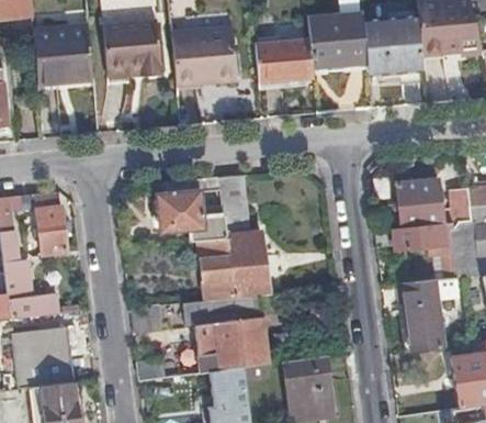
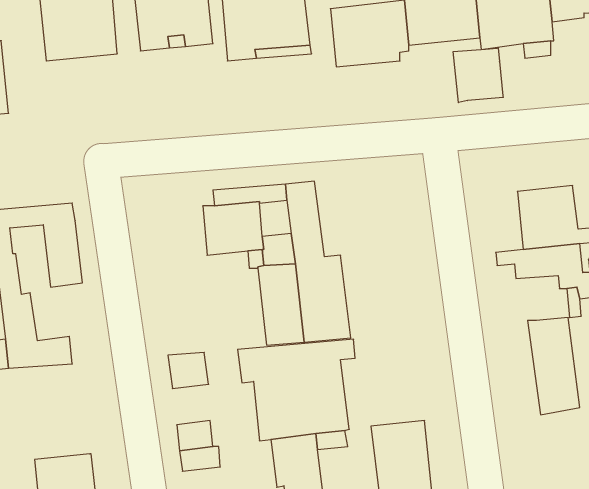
building: none -> [453,48,503,103]
building: [10,327,72,389] -> none

